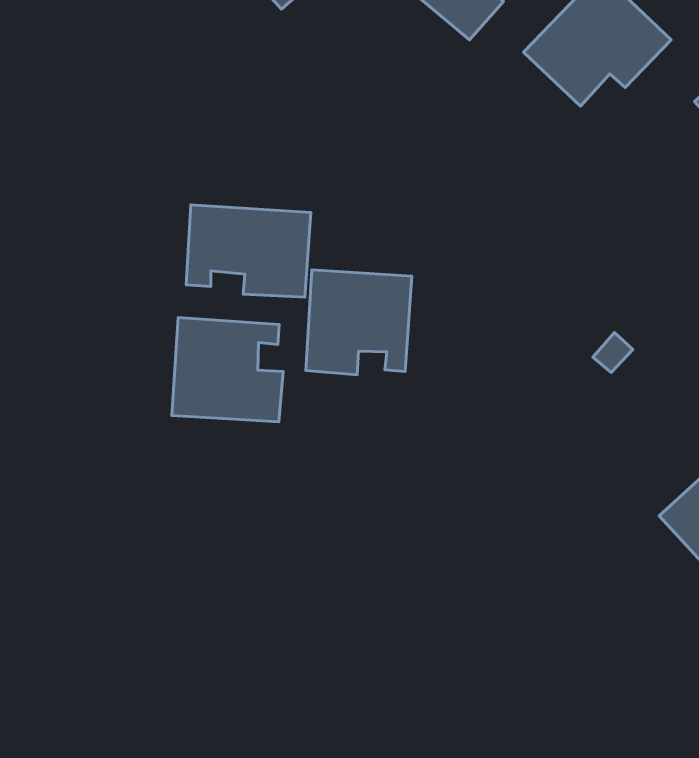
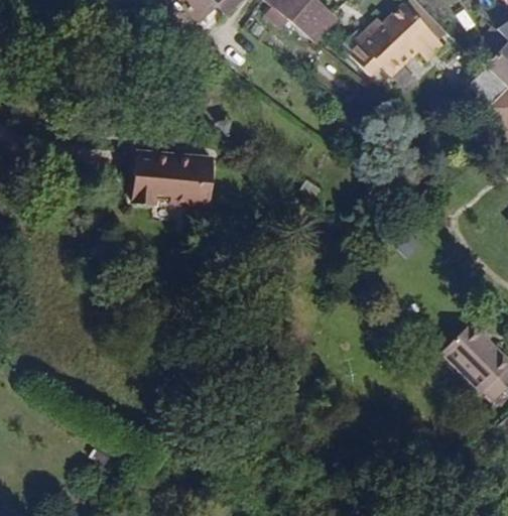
building: [306,270,412,375] -> none
building: [172,317,283,422] -> none

